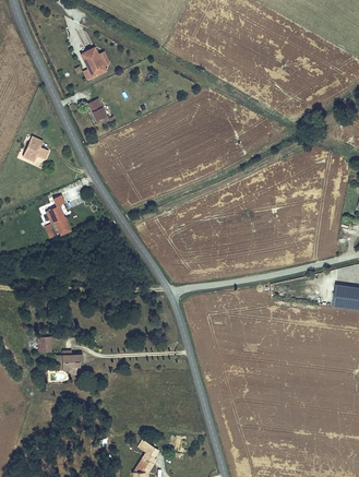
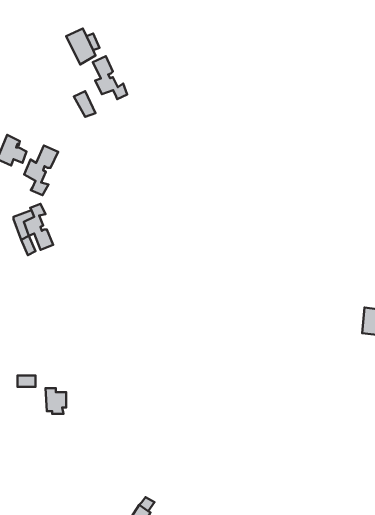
building: none -> [93,56,127,99]
building: none -> [24,145,58,195]

